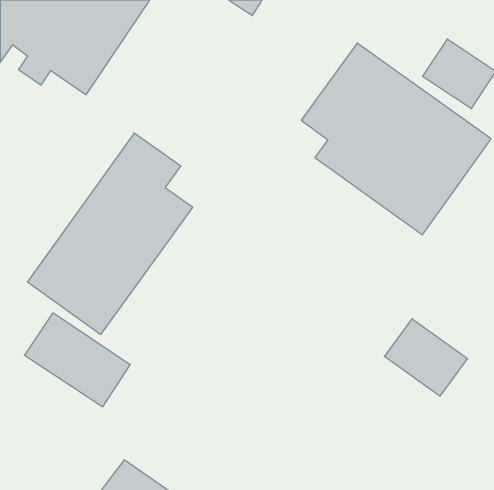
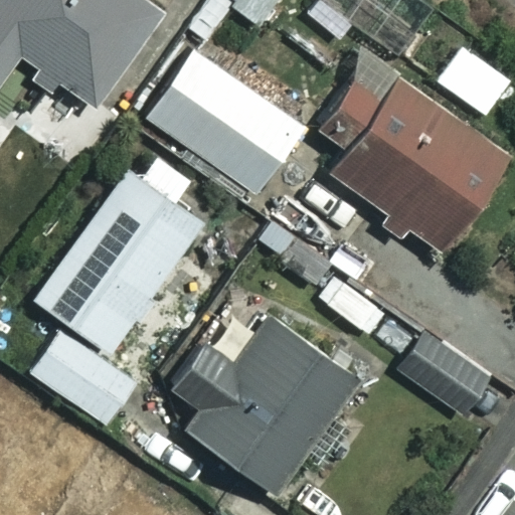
building: none -> [146,49,305,196]
building: none -> [174,310,356,491]

